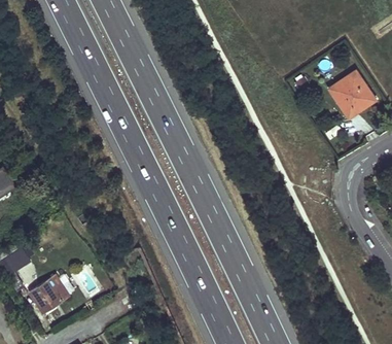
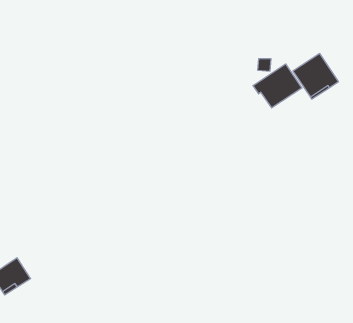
building: none -> [253,64,302,108]

